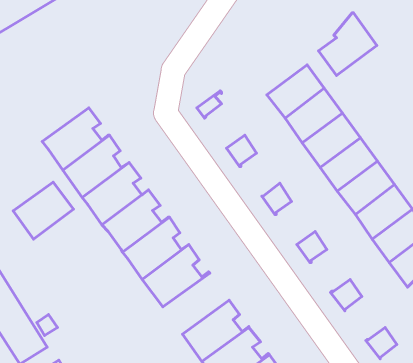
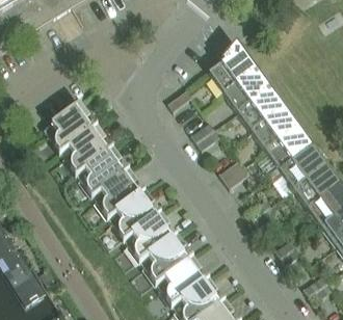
building: [318,13,377,75] -> [207,41,254,90]
building: [13,182,74,239] -> none
building: none -> [138,233,191,282]

